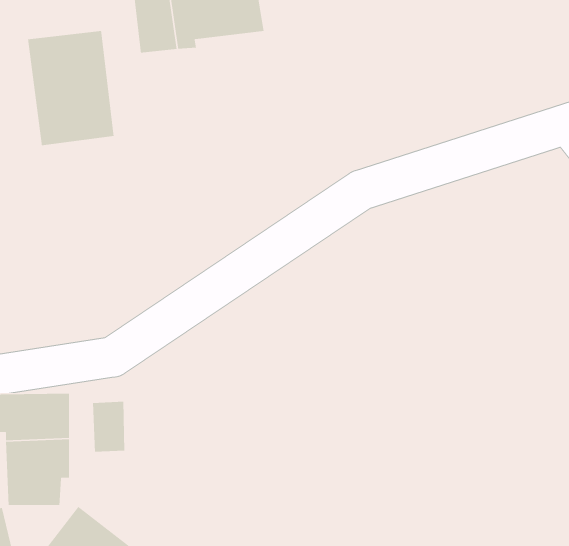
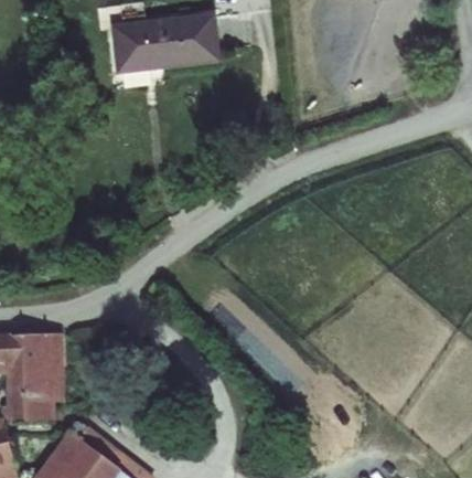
building: [27,30,114,146] -> none
building: [92,401,125,453] -> none

